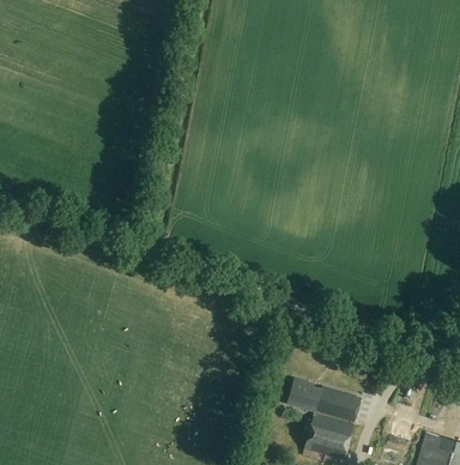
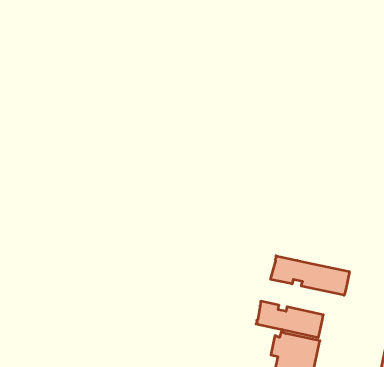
building: none -> [271,256,349,295]

